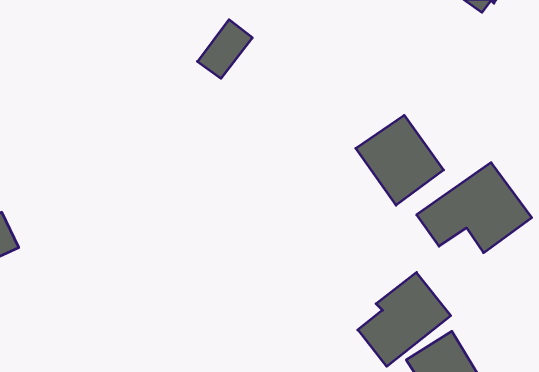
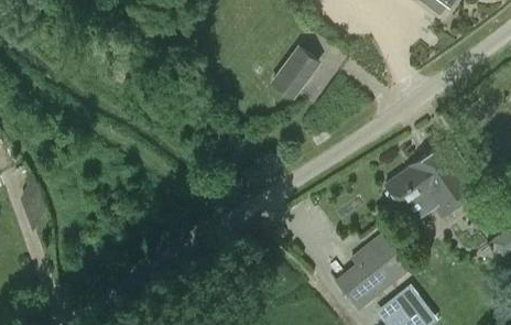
building: [197,20,252,78] -> [271,47,317,97]
building: [356,115,444,205] -> none

